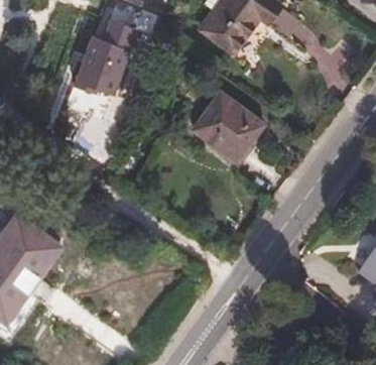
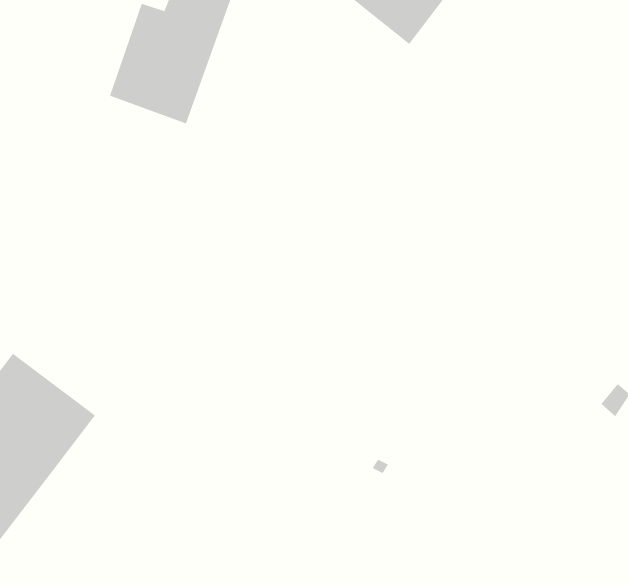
building: [204,102,273,169] -> none

